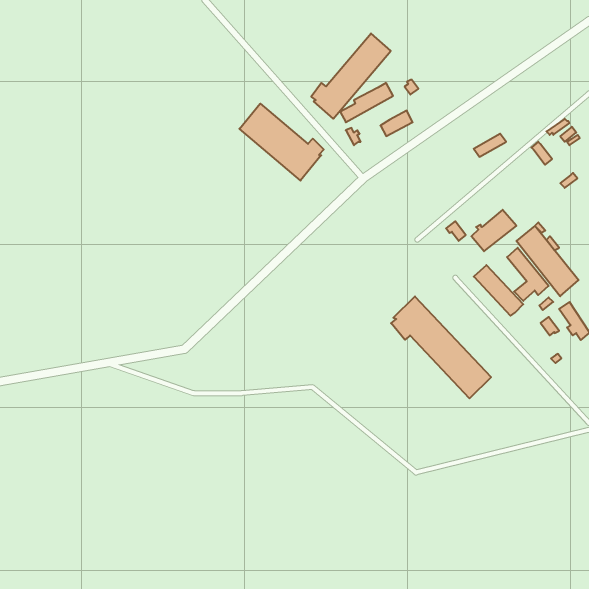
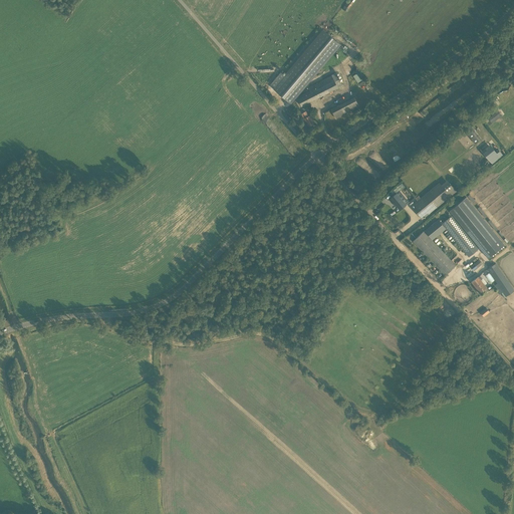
building: [239,104,324,181] -> none
building: [391,296,491,398] -> none

